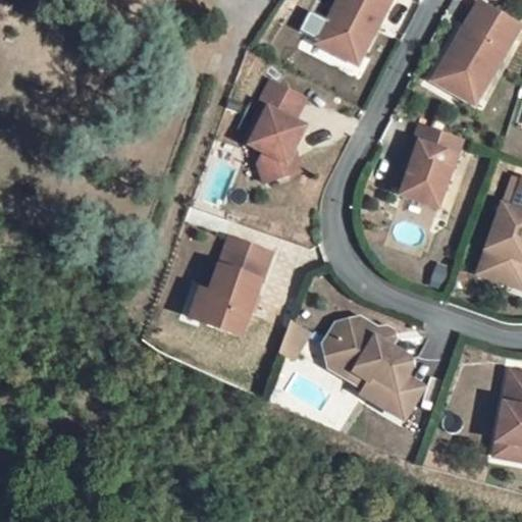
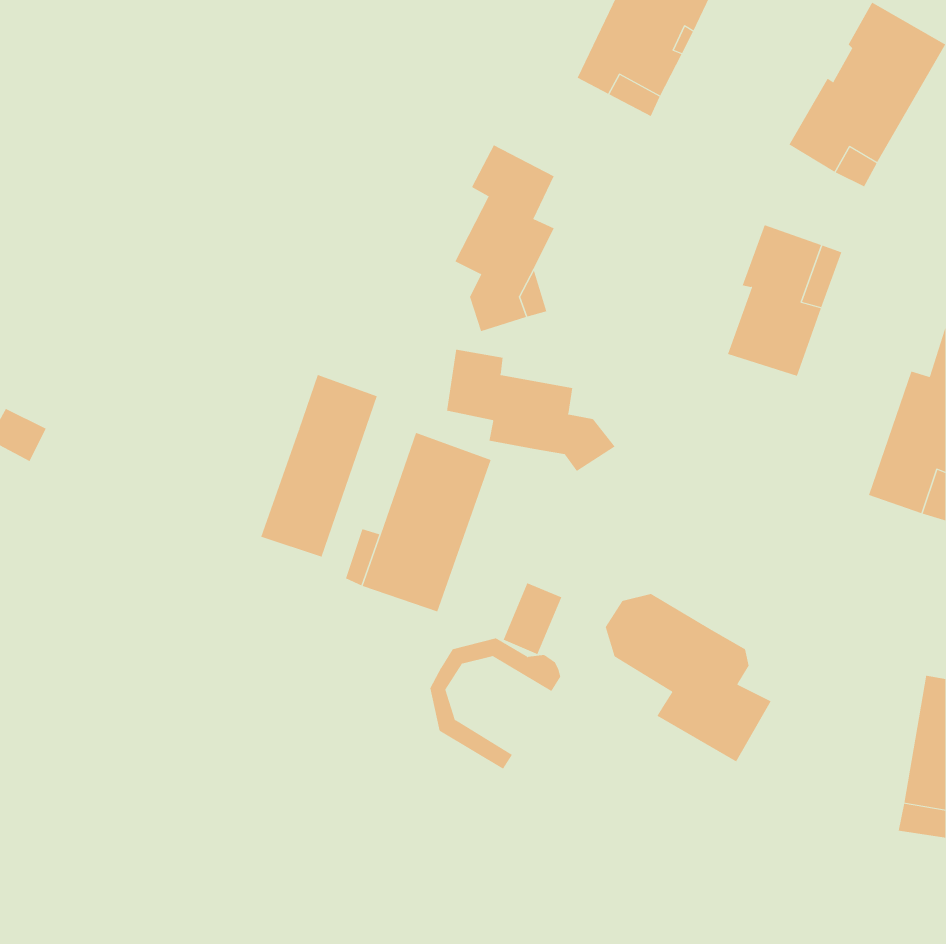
building: none -> [446,349,615,472]
building: none -> [261,374,378,557]
building: [323,316,396,388] -> [429,638,561,770]

